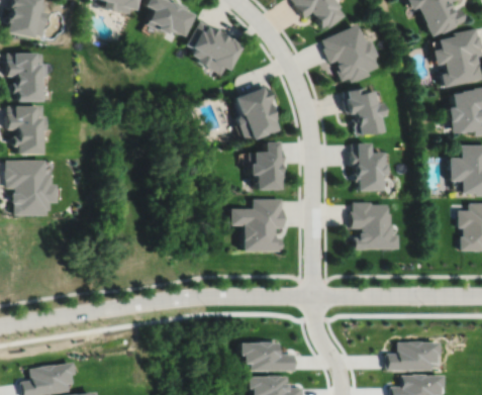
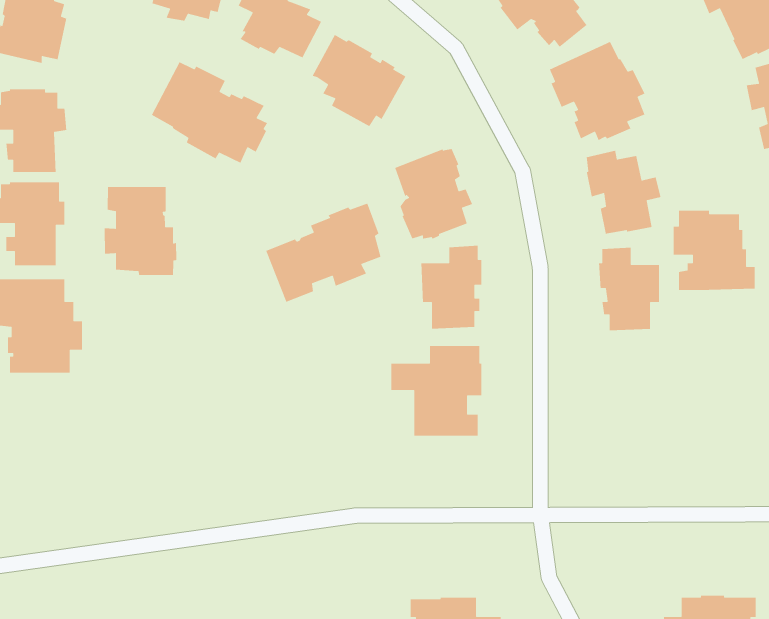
building: none -> [151,61,268,164]
building: none -> [104,186,177,276]
building: none -> [265,203,382,303]
building: [351,203,398,250] -> [673,210,756,291]

